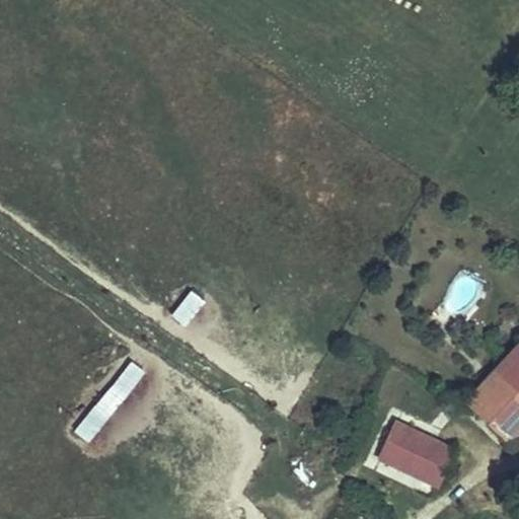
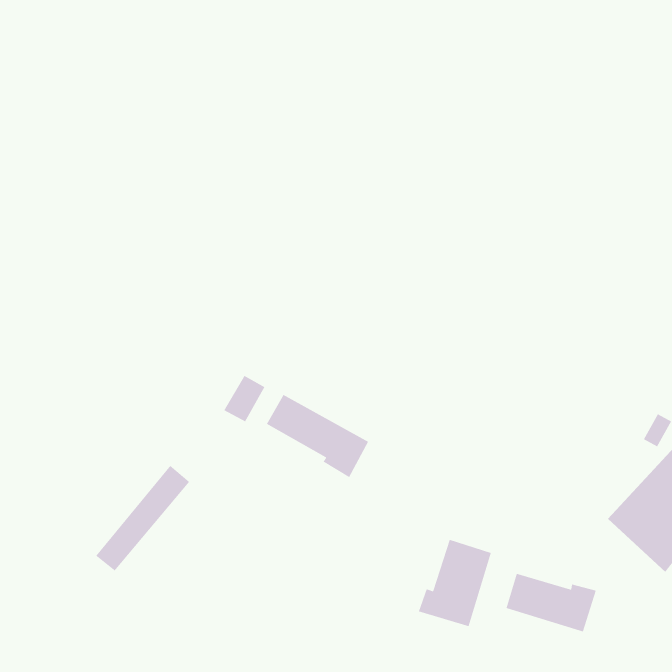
building: none -> [266,394,369,478]
building: none -> [418,539,492,627]

